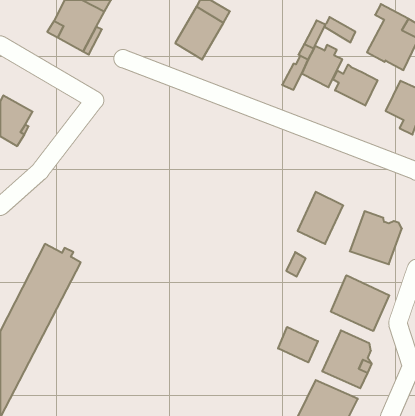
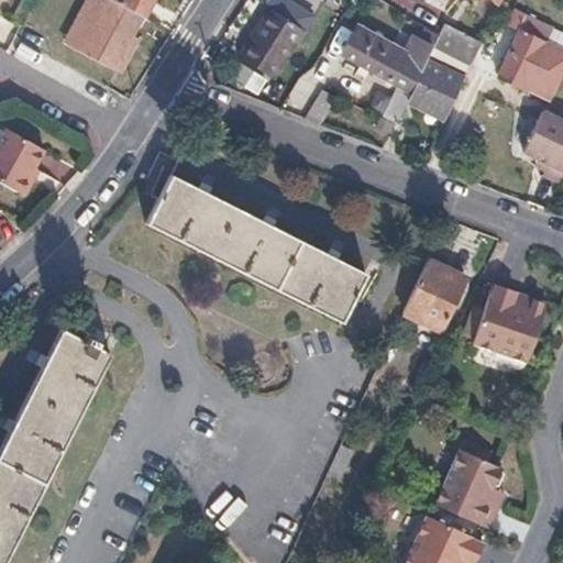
building: none -> [343,24,407,78]
building: [333,65,377,106] -> none
building: none -> [146,175,366,324]
building: [331,275,389,331] -> none
building: [278,327,318,362] -> none

